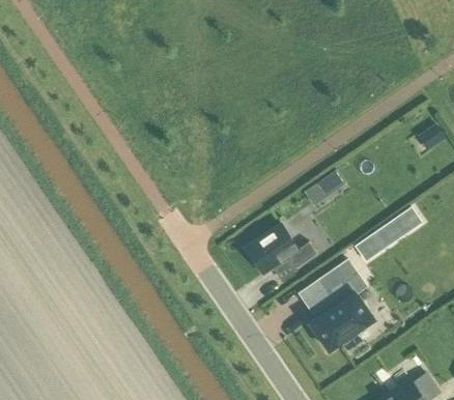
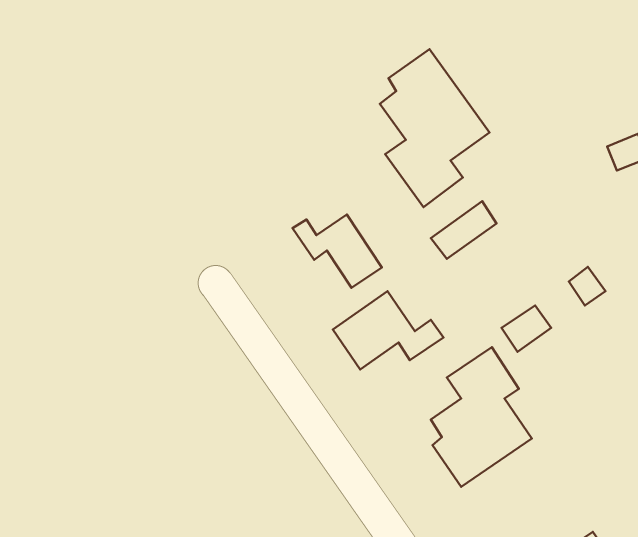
building: none -> [380,49,489,207]
building: none -> [292,215,382,288]

